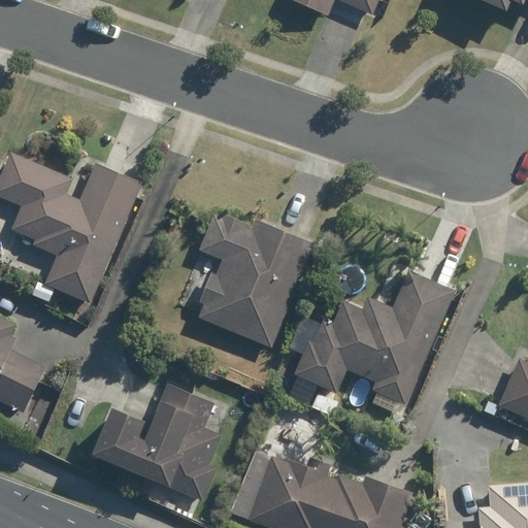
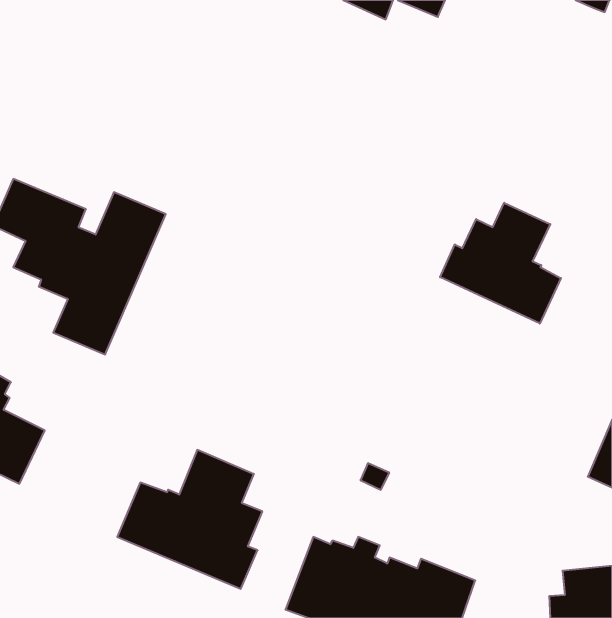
building: none -> [440,203,561,324]
building: [192,213,306,348] -> none
building: [296,271,457,402] -> none

